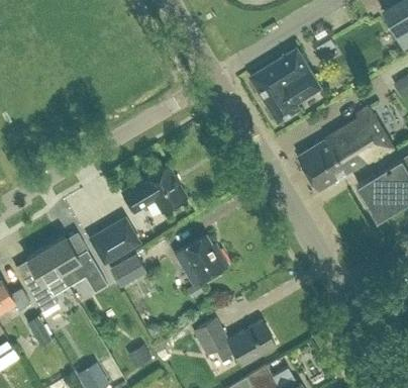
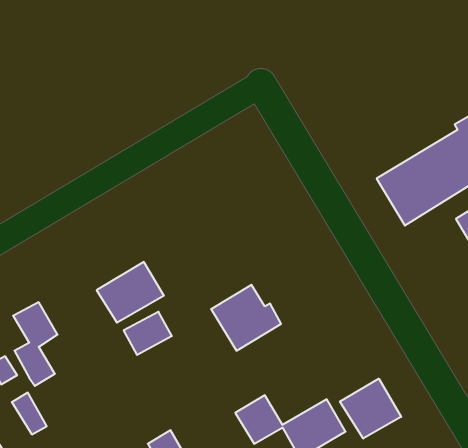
building: [250,47,322,123] -> none
building: [121,166,187,212] -> none
building: [45,236,107,292] -> none
building: none -> [340,379,401,439]

